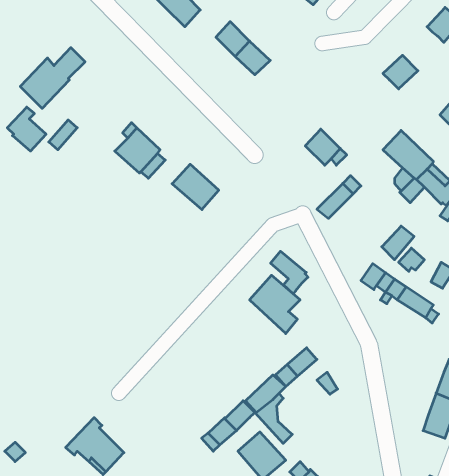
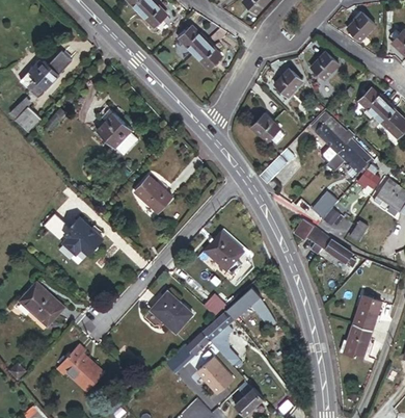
building: none -> [272,69,301,97]
building: [172,164,219,210] -> [134,176,171,212]
building: [271,251,308,294] -> none
building: none -> [59,216,101,256]
building: none -> [18,281,63,326]
building: none -> [150,289,195,335]

